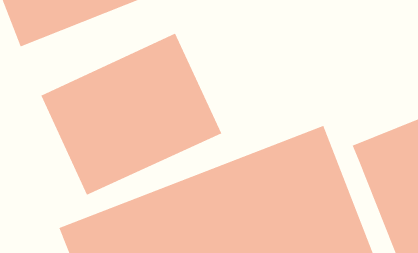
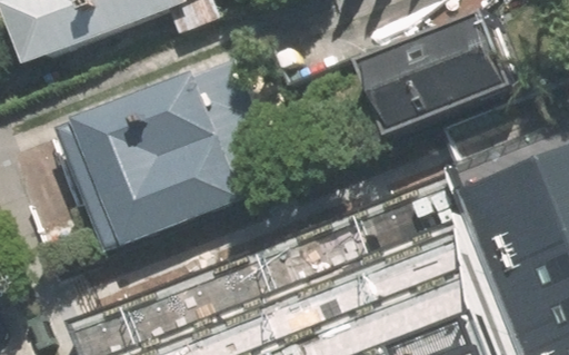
building: none -> [362,17,517,139]

